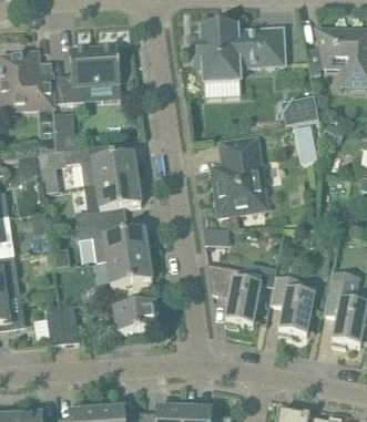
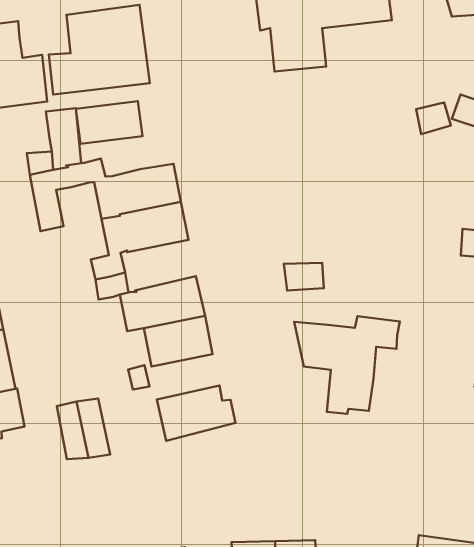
building: [283,95,318,124] -> none
building: none -> [76,101,142,144]
building: [212,137,266,215] -> none
building: [271,276,314,336] -> none

